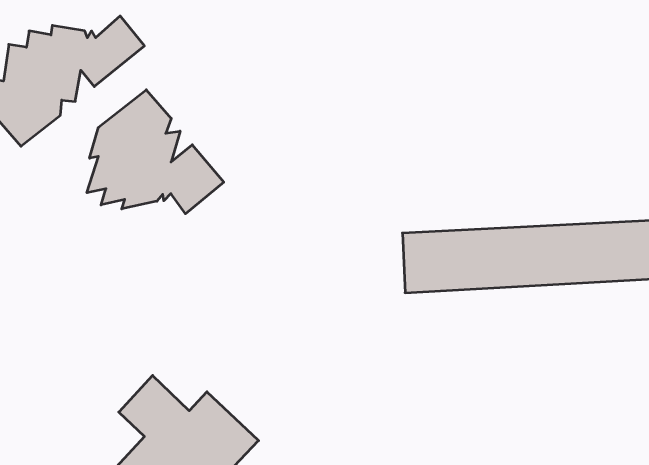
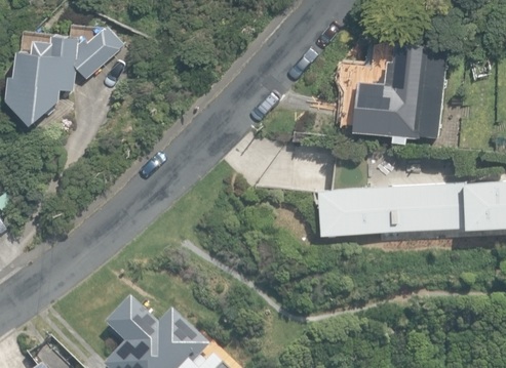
building: none -> [351,42,450,144]
building: [87,90,224,214] -> none

